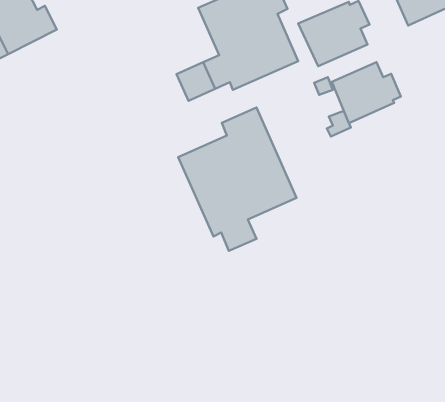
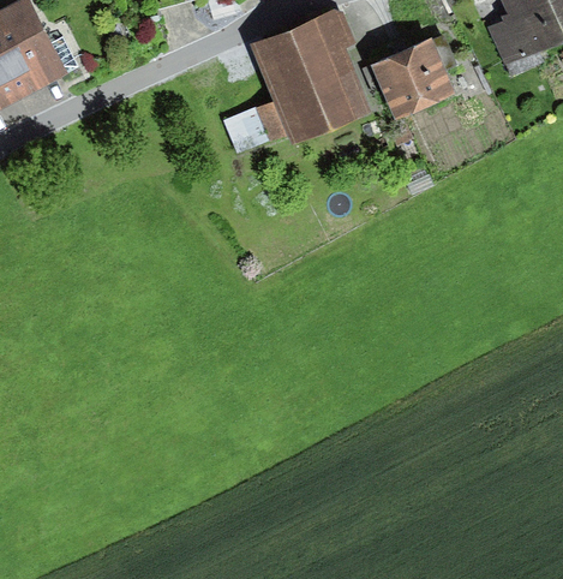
building: [332,62,401,123] -> none
building: [178,108,297,251] -> none

